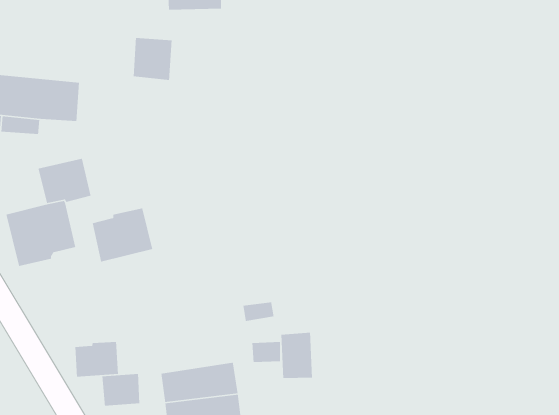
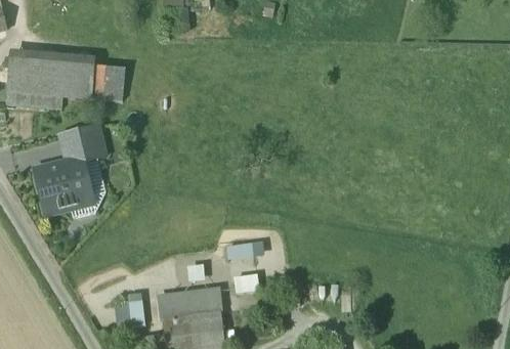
building: [133,37,172,81] -> [92,68,124,102]
building: [92,207,153,263] -> none
building: [281,332,313,379] -> none
building: [74,341,119,378] -> none

